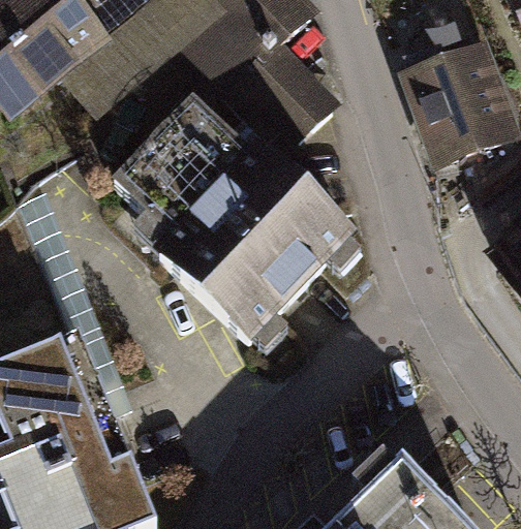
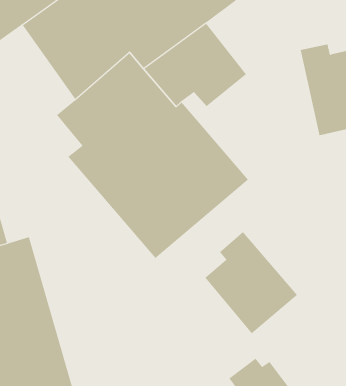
building: none -> [205,231,298,334]

